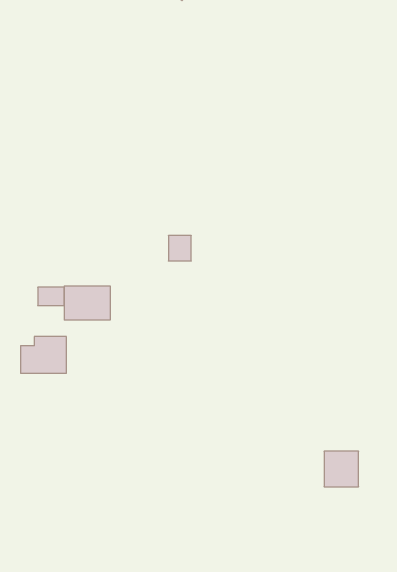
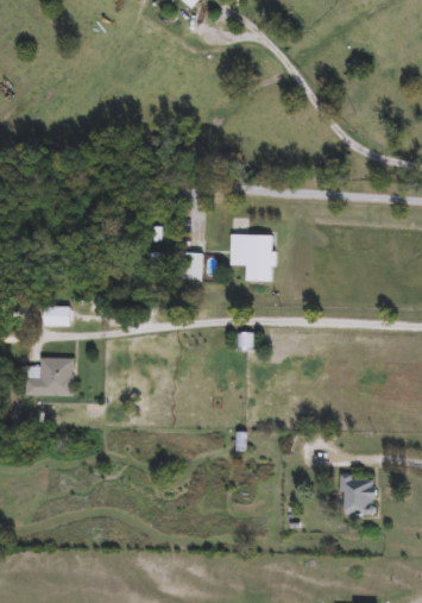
building: none -> [231,233,275,281]
building: [64,286,110,320] -> none

